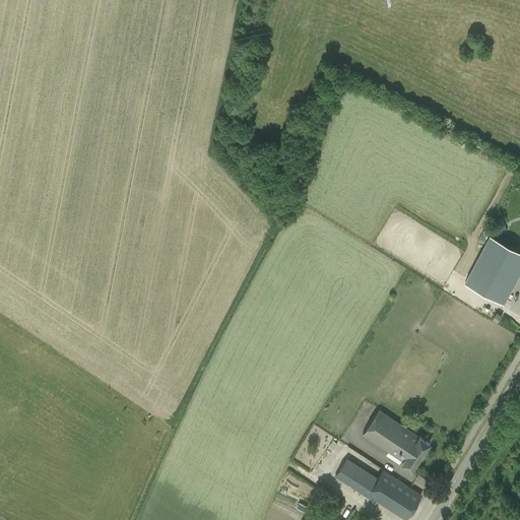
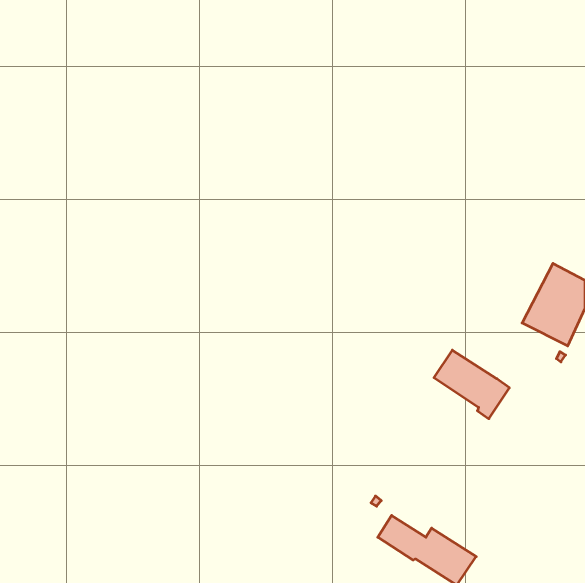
building: [363,411,430,472] -> [434,350,509,419]

